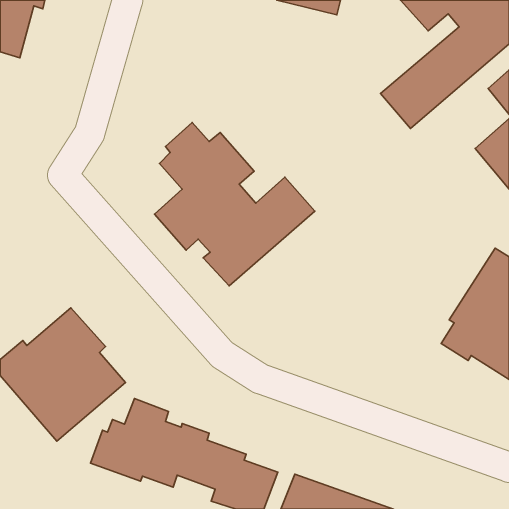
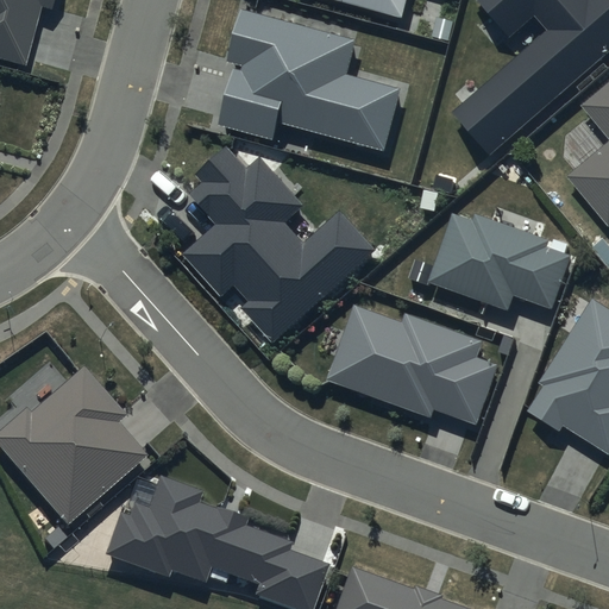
building: none -> [219,11,401,152]
building: none -> [425,212,572,313]
building: none -> [327,304,497,425]

